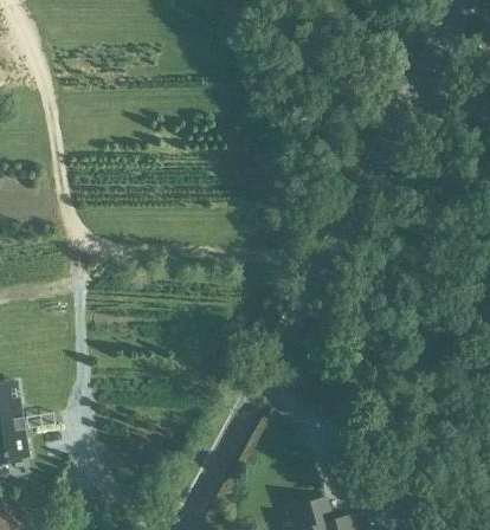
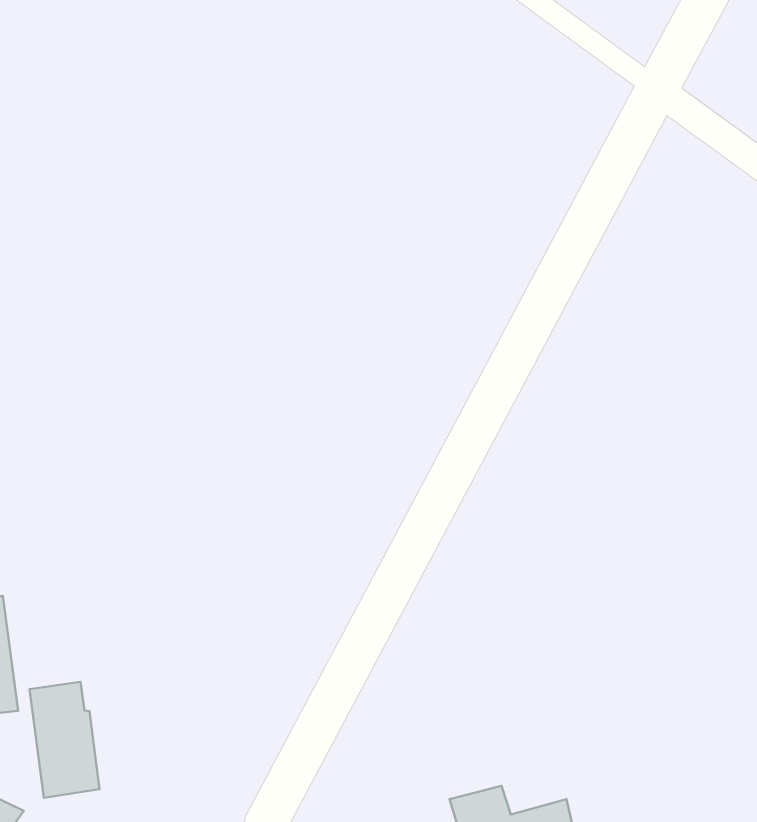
building: none -> [29,682,100,798]

